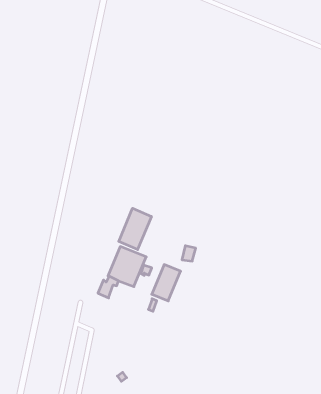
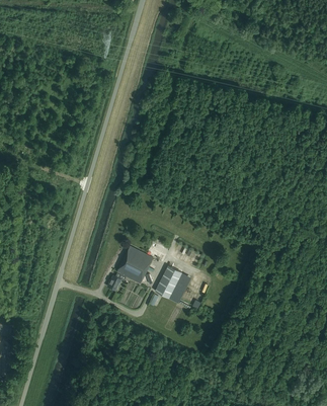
building: [119,208,151,250] -> none

